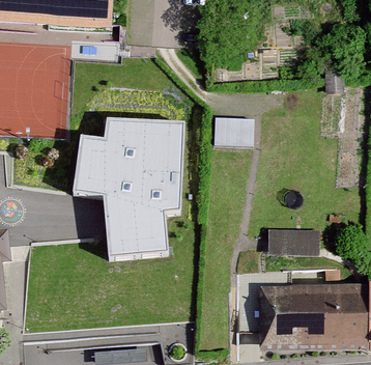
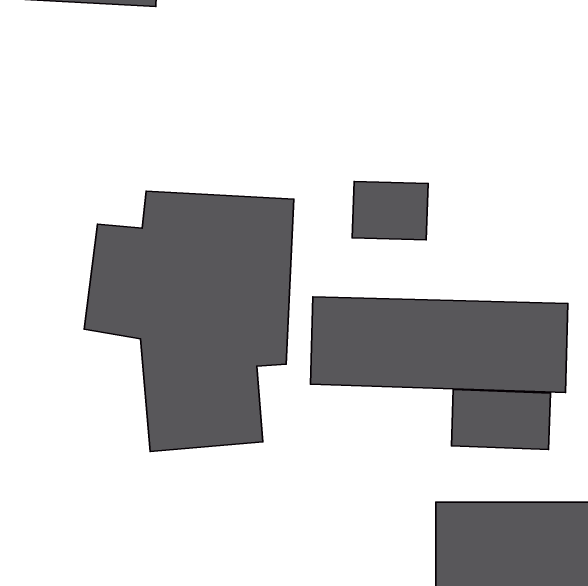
building: none -> [311,297,568,392]

